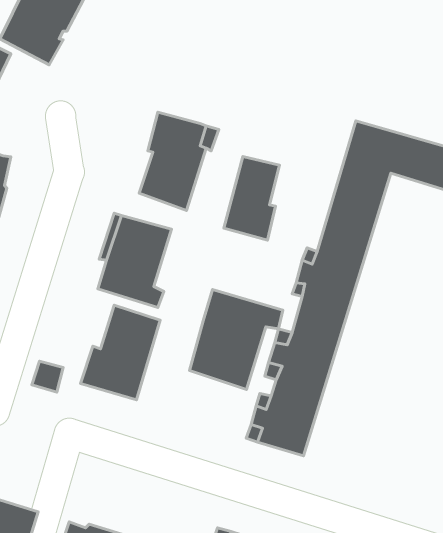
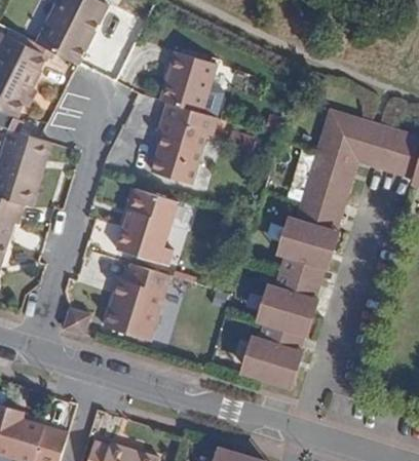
building: none -> [159,52,216,113]
building: [224,157,279,240] -> none
building: [189,289,283,389] -> none

